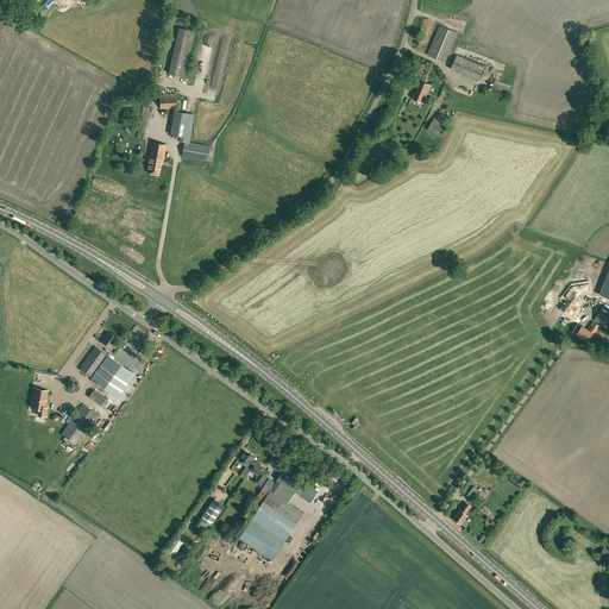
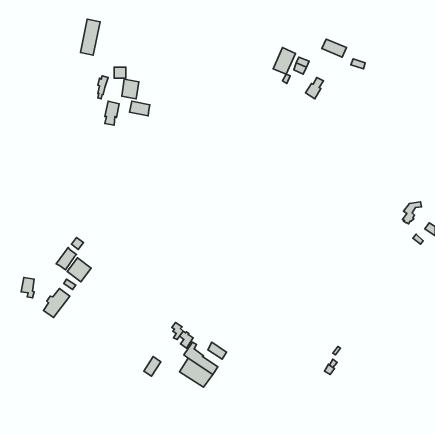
building: [427,26,458,63] -> [273,48,295,74]
building: [169,29,196,79] -> [80,19,100,55]
building: [239,521,284,561] -> none

